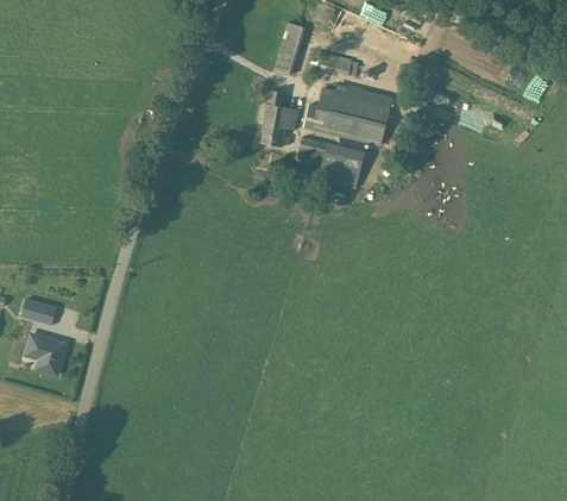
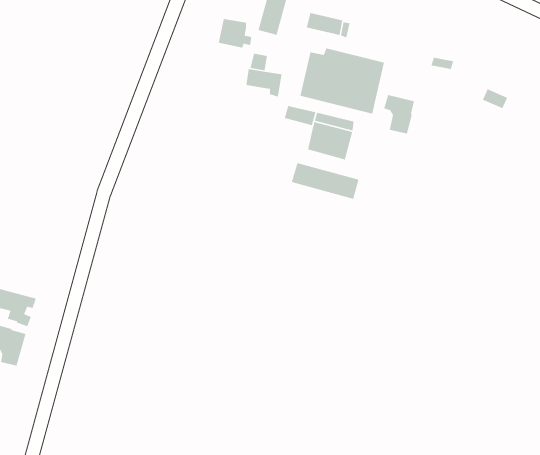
building: [258,119,289,146] -> [218,18,252,48]
building: none -> [383,94,415,134]
building: none -> [291,162,360,200]

